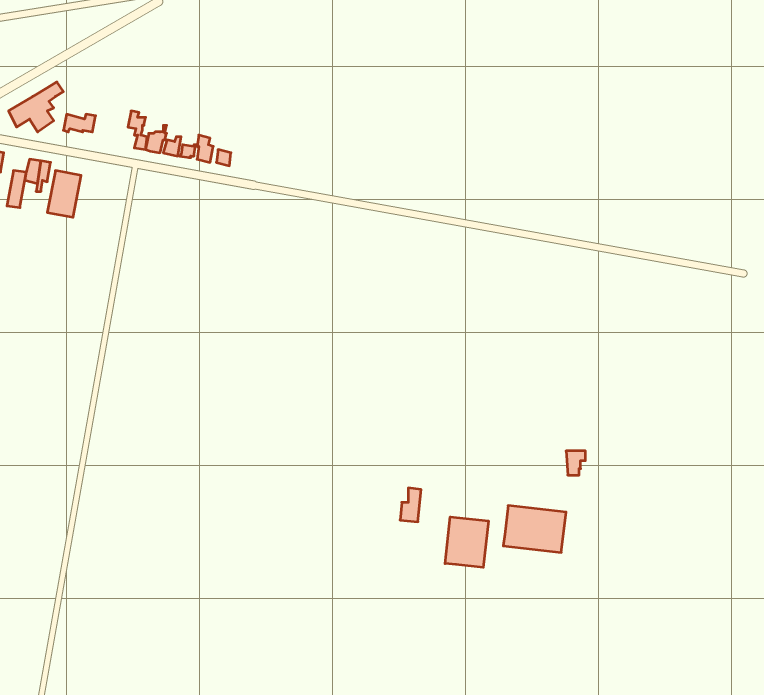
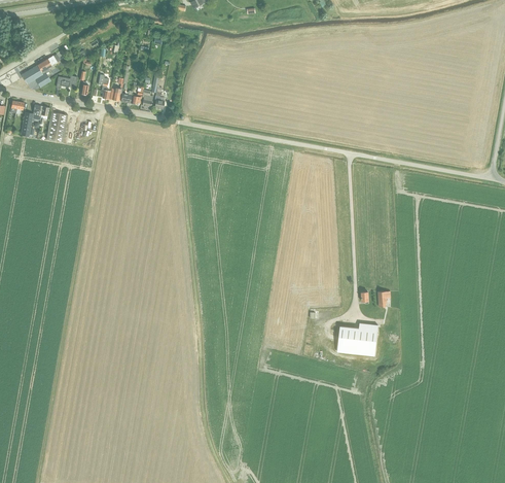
building: [445,517,488,567] -> none

